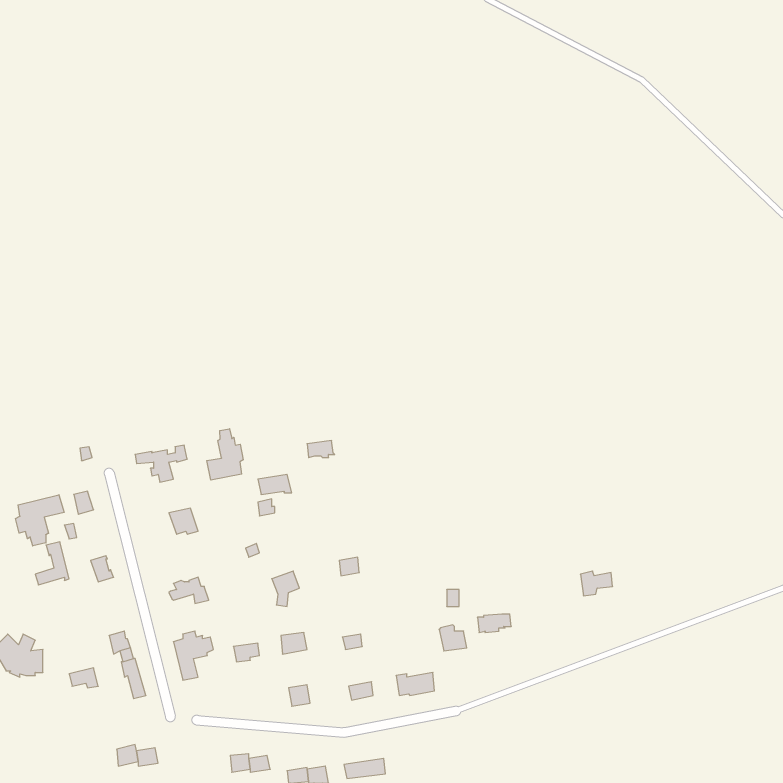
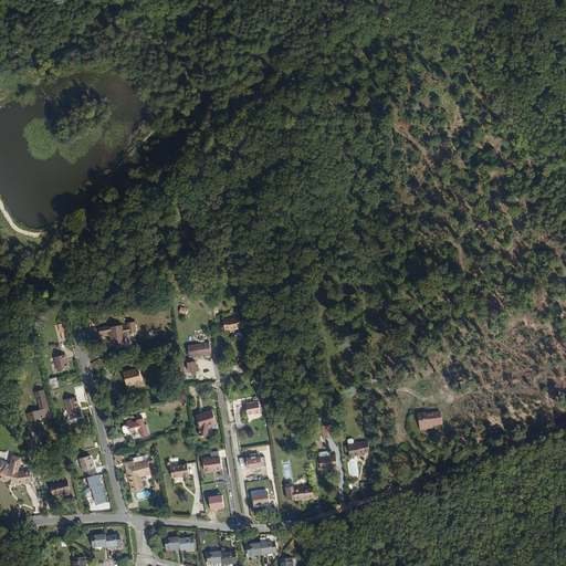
building: [207,429,243,480] -> none
building: [16,495,64,546] -> none

